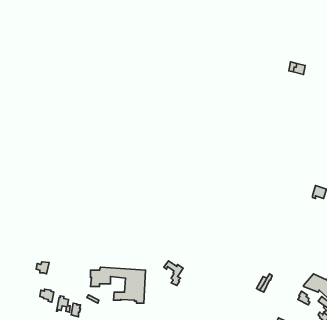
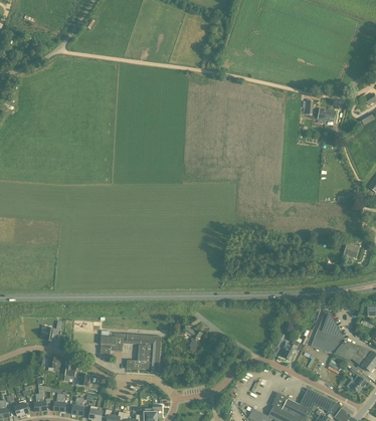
building: none -> [310,310,344,353]

